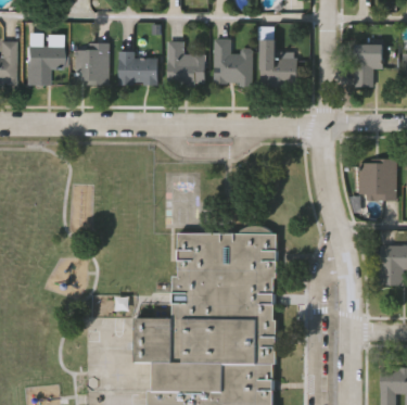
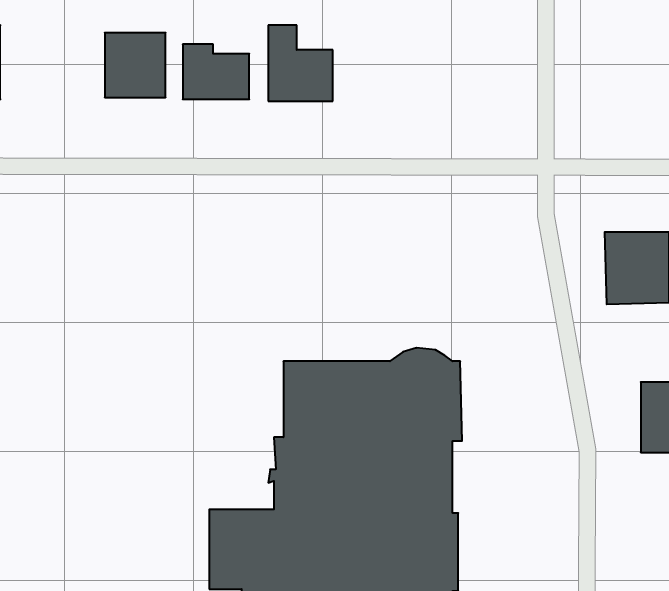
building: [215,39,253,86] -> none
building: [262,40,297,85] -> none
building: [354,43,383,87] -> none
building: [26,46,62,85] -> none

